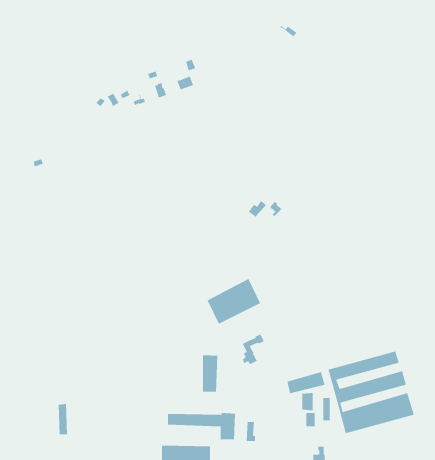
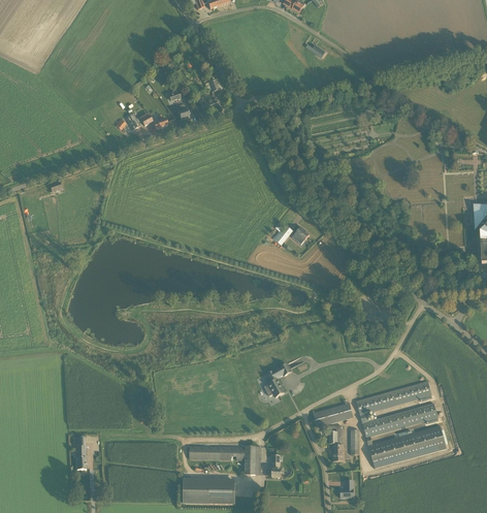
building: [207,278,261,325] -> none
building: [202,355,218,392] -> none

